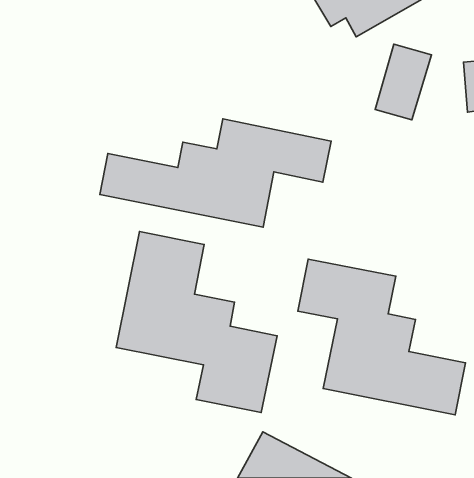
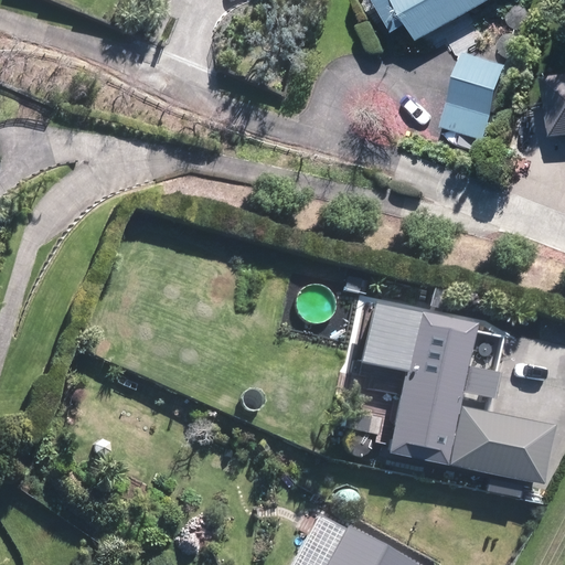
building: [100,119,331,227] -> none
building: [116,231,277,413] -> none

